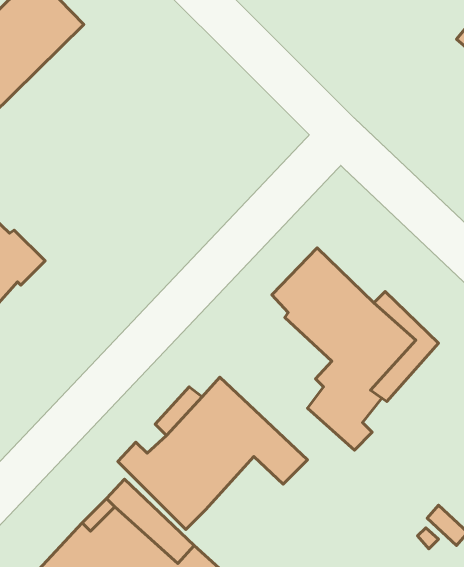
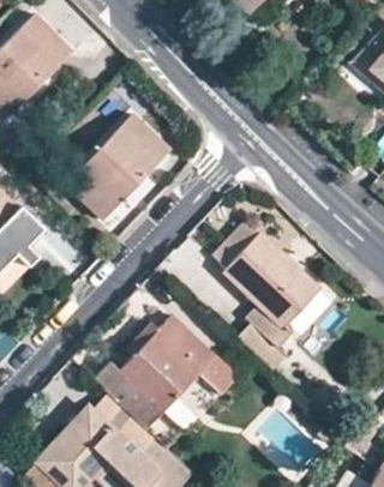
building: none -> [66,114,170,218]

